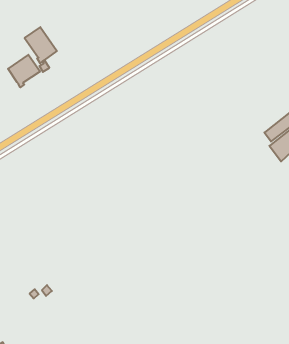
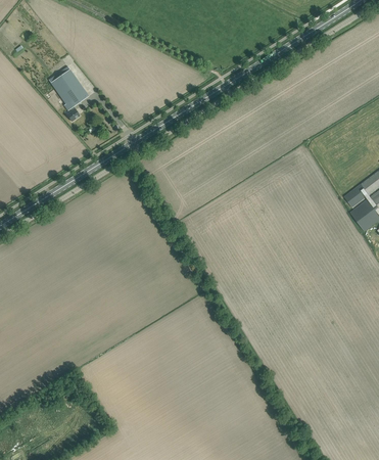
building: [8,55,40,87] -> none

